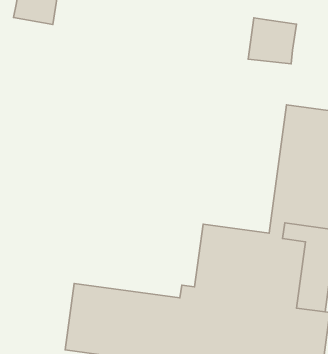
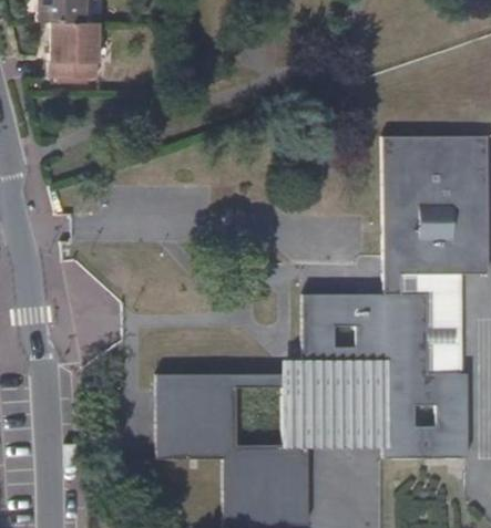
building: [248,18,297,64] -> none

